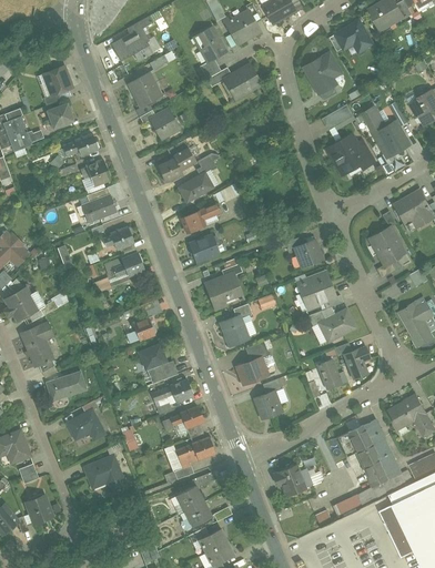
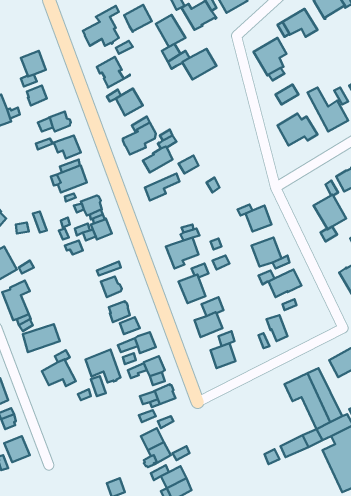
building: none -> [124,5,152,32]
building: [189,235,219,262] -> none
building: [343,347,368,379] -> none
building: [85,456,124,493] -> [85,349,120,382]
building: [272,465,311,496] -> none

